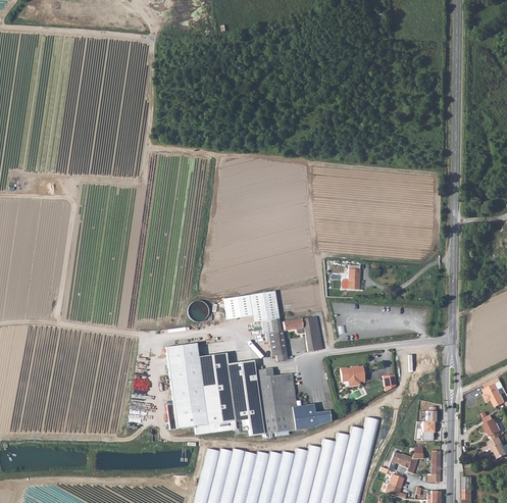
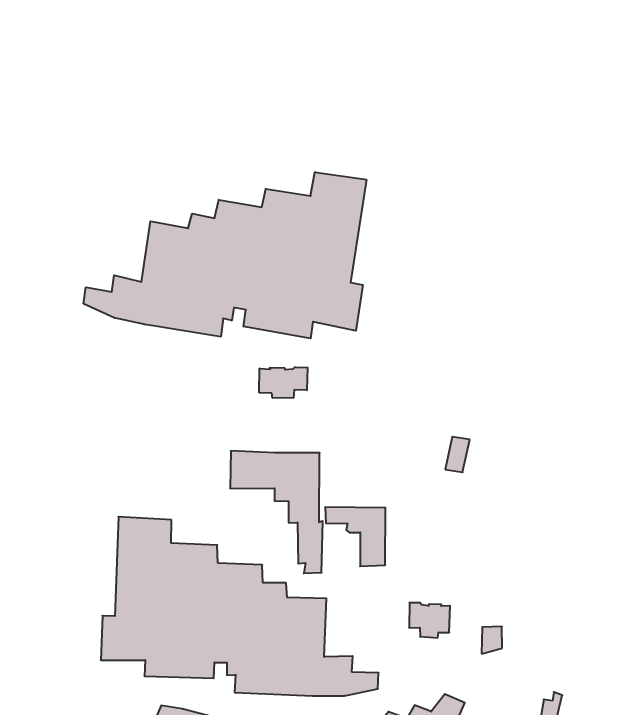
building: none -> [84,172,366,338]
building: none -> [259,367,308,398]

